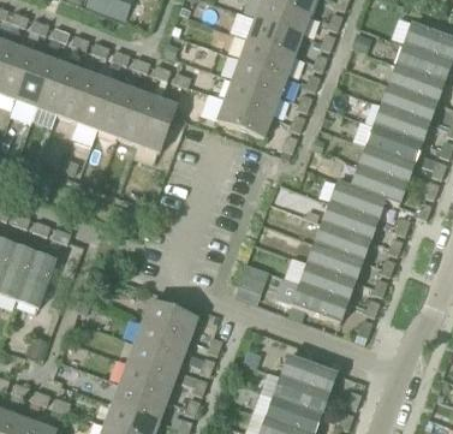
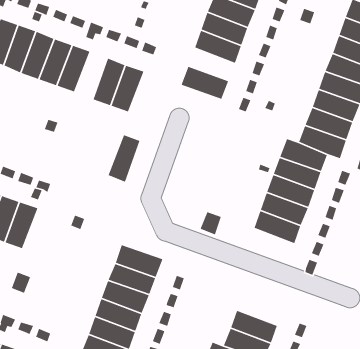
building: [226,78,280,115] -> none
building: [97,82,135,137] -> [108,134,140,183]
building: [276,277,347,322] -> none
building: [281,355,336,393] -> none

